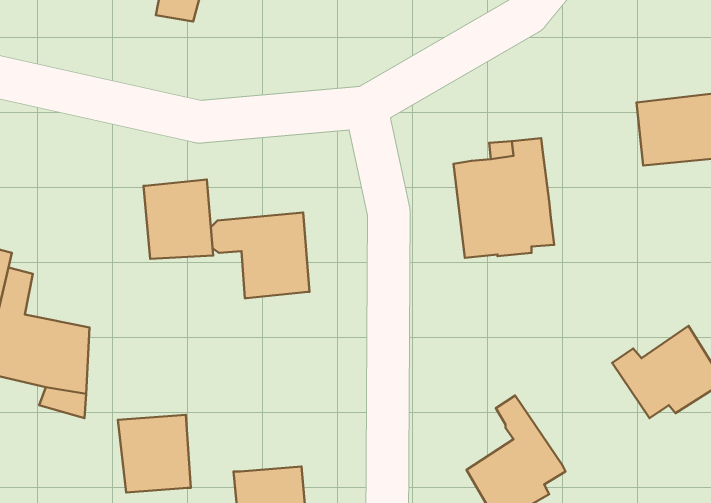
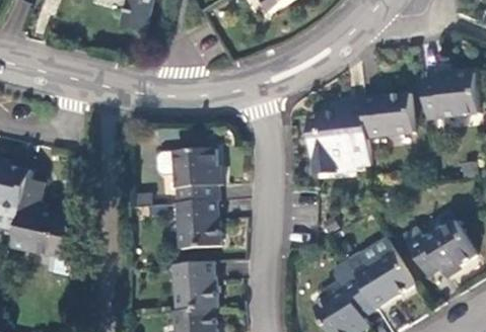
building: none -> [362,96,411,141]
building: [144,179,213,259] -> [177,197,220,247]
building: none -> [346,236,415,306]
building: [118,415,191,493] -> [168,261,214,310]

